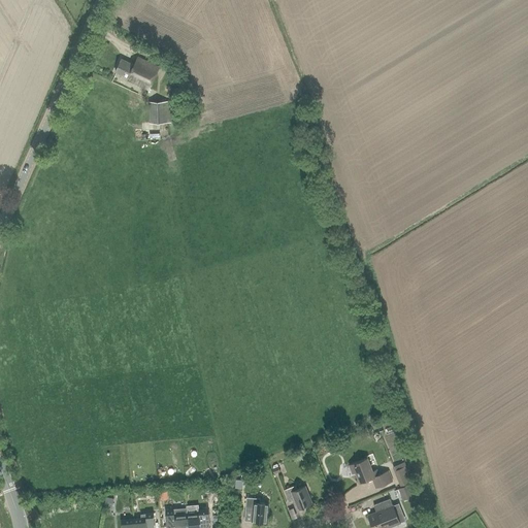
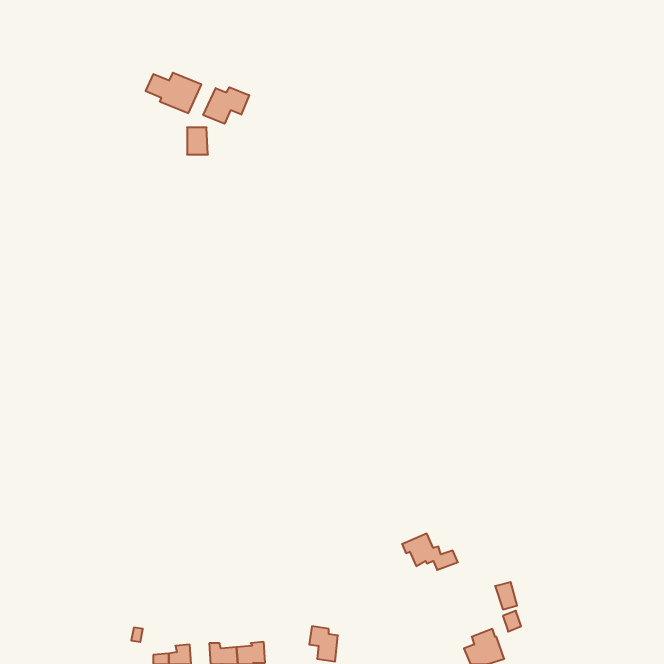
building: none -> [203,87,249,124]
building: [348,459,392,488] -> [402,534,458,570]
building: [283,487,311,510] -> none

